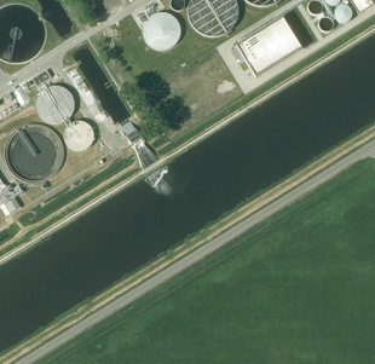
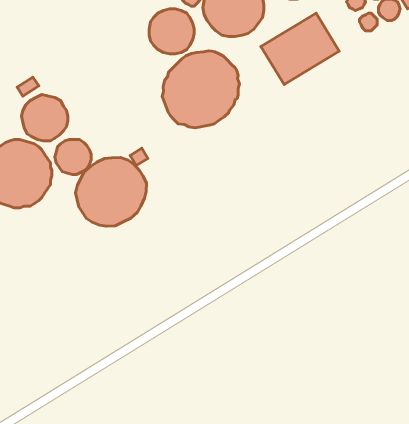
building: none -> [162,51,239,128]
building: none -> [75,157,147,226]

